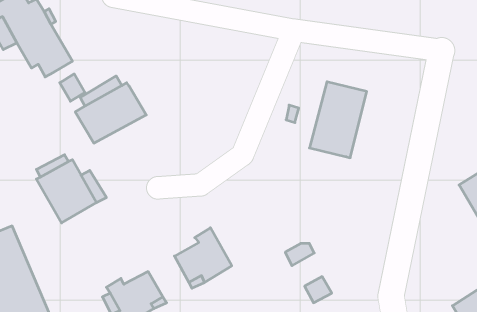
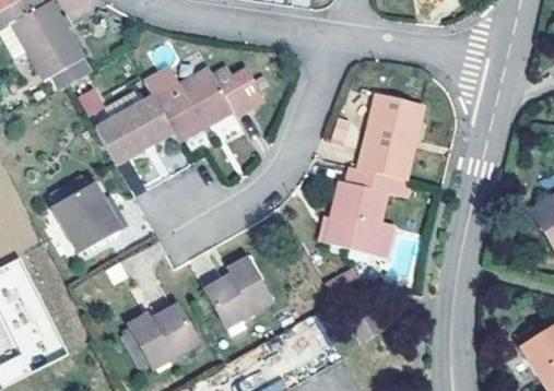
building: none -> [155,66,263,139]
building: none -> [327,166,400,256]

